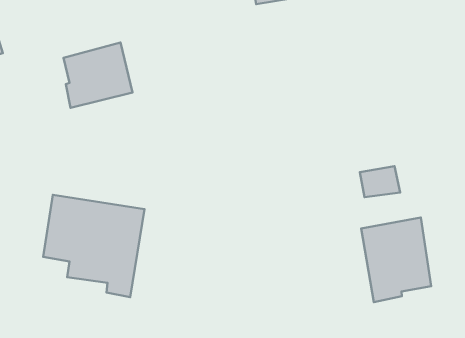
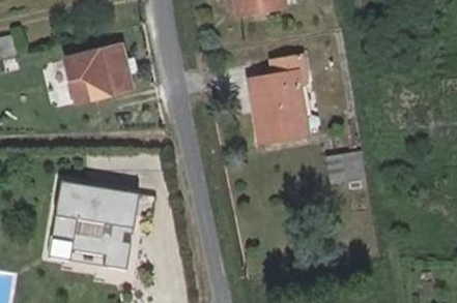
building: none -> [249,57,306,141]
building: [361,217,431,302] -> none

